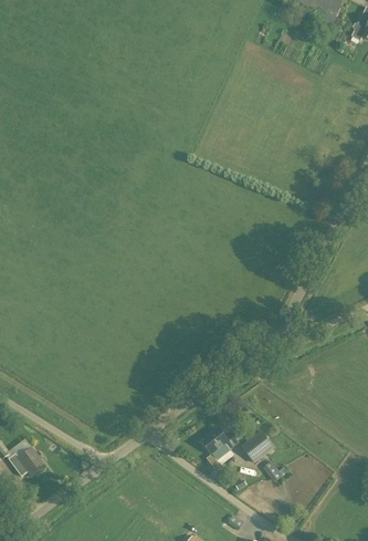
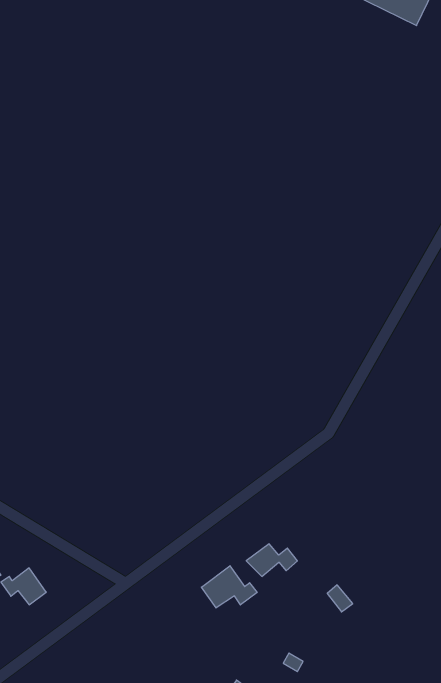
building: [242,430,276,464] -> none
building: none -> [201,566,257,608]

